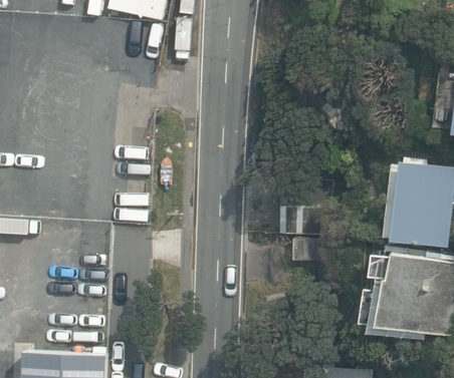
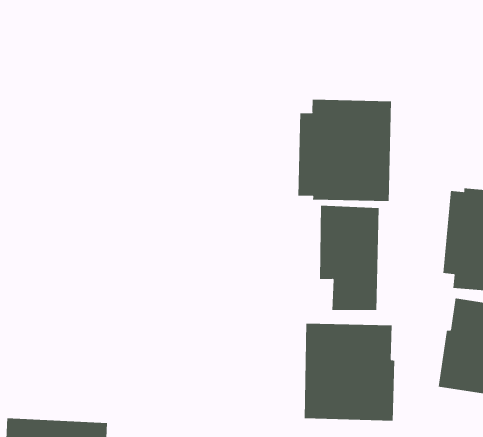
building: none -> [298,99,392,202]
building: none -> [304,323,395,421]

